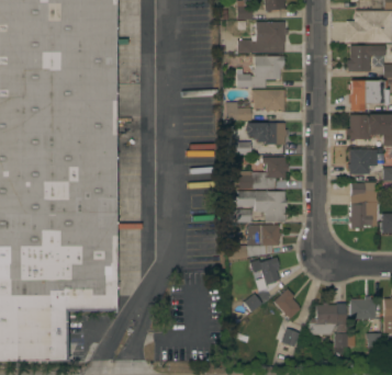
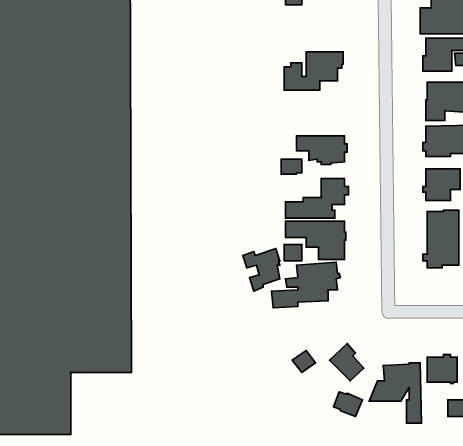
building: [237,22,288,53] -> none
building: [250,89,283,111] -> none
building: [249,257,279,291] -> [243,249,280,291]

